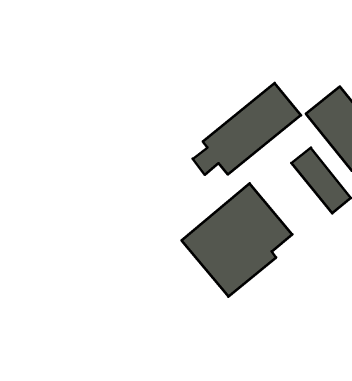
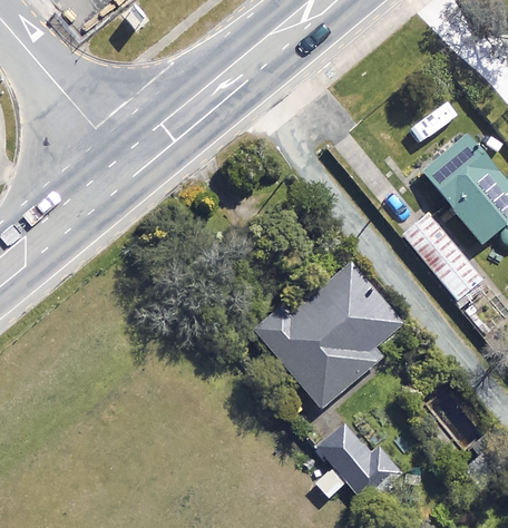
building: [193,83,301,175] -> none
building: none -> [315,422,403,502]

